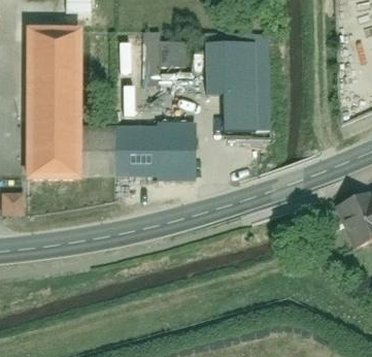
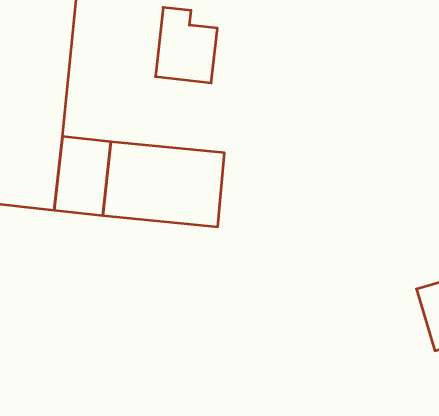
building: [207,31,270,128] -> none

